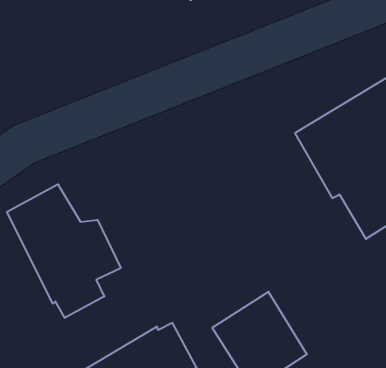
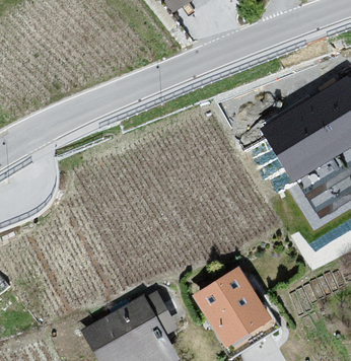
building: [7,184,121,318] -> none

